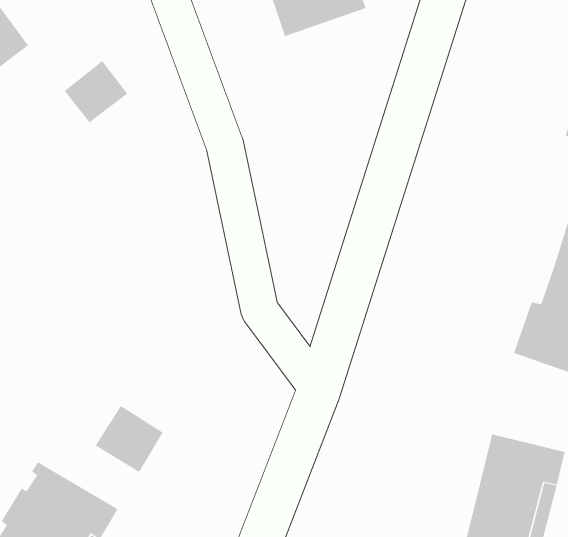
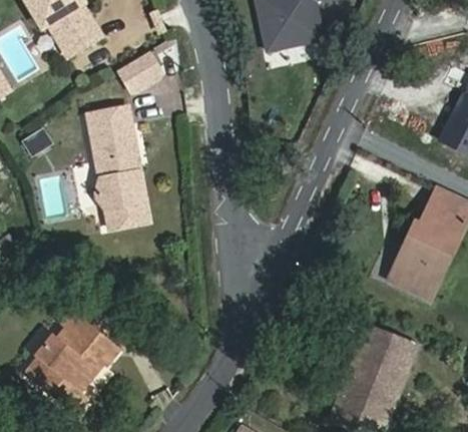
building: none -> [87,107,146,227]
building: [95,405,164,473] -> none

